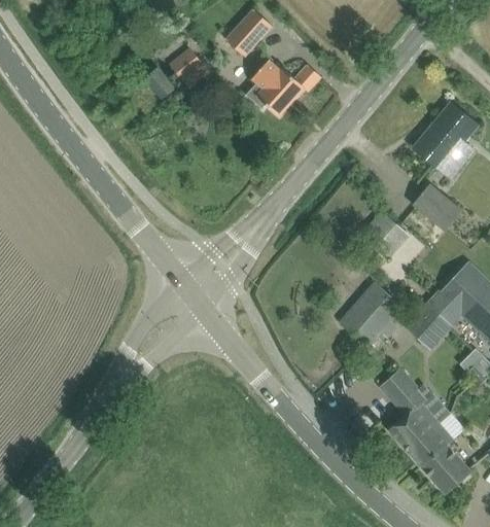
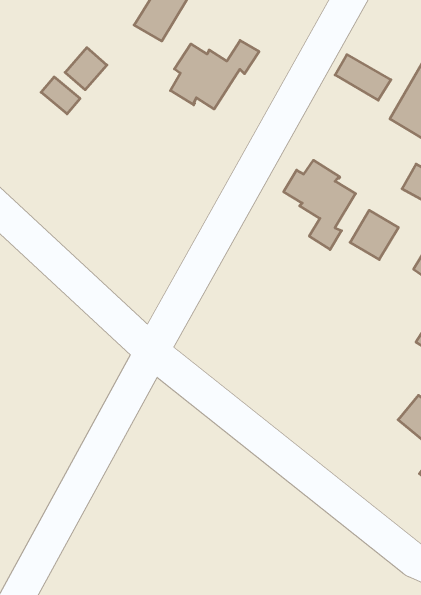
building: none -> [335,55,391,100]
building: none -> [284,160,356,250]
building: [343,285,404,346] -> none

